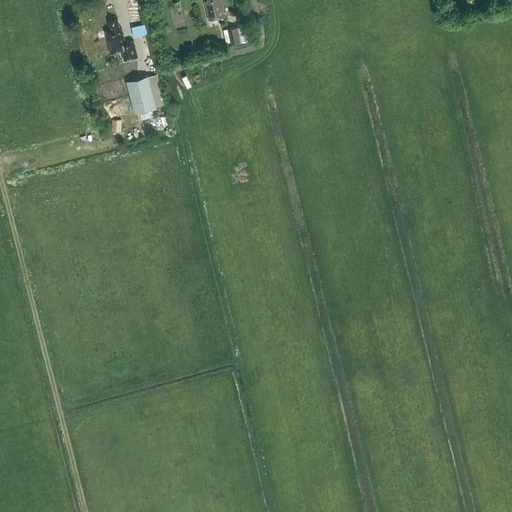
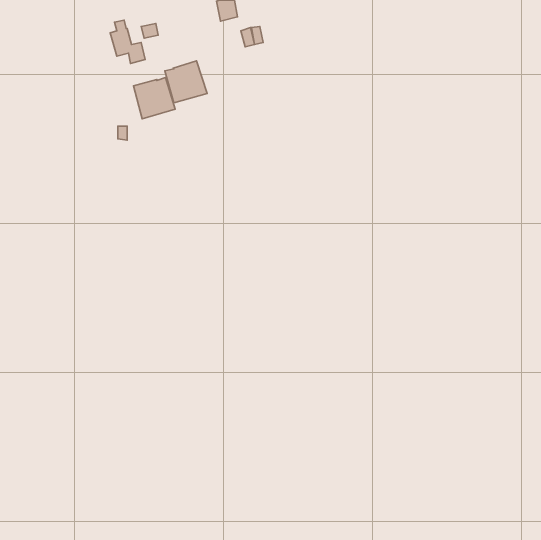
building: none -> [165,61,207,103]

